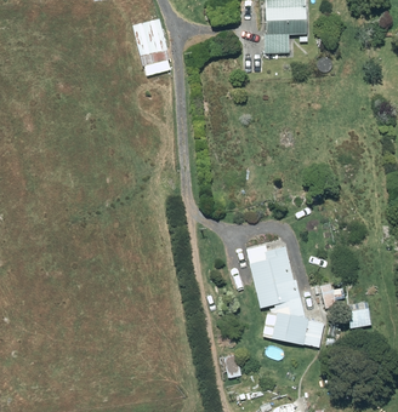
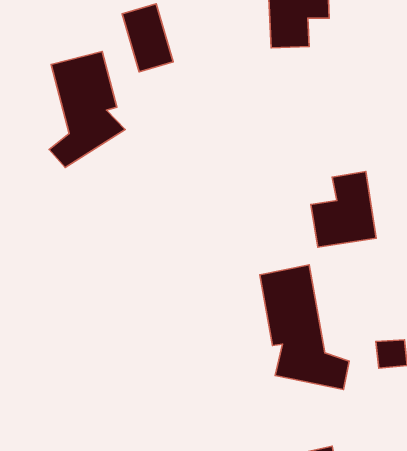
building: none -> [49,51,125,167]
building: none -> [311,172,376,247]

